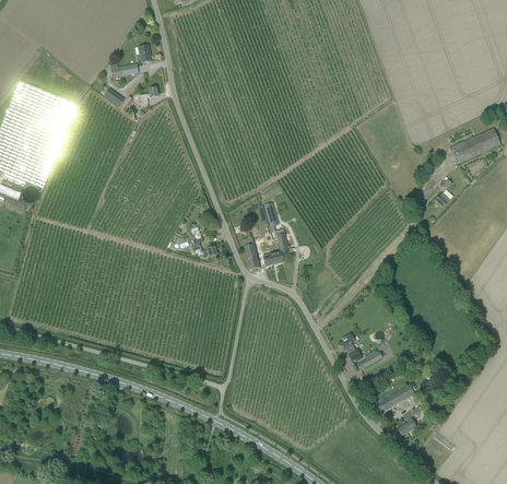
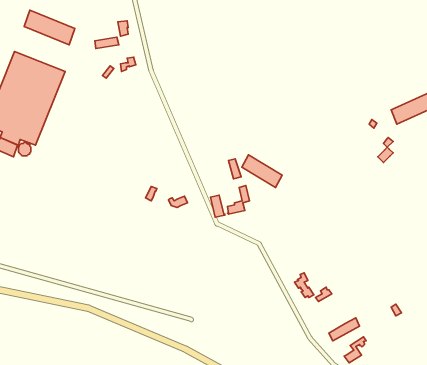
building: none -> [24,10,75,45]
building: none -> [242,155,282,187]

